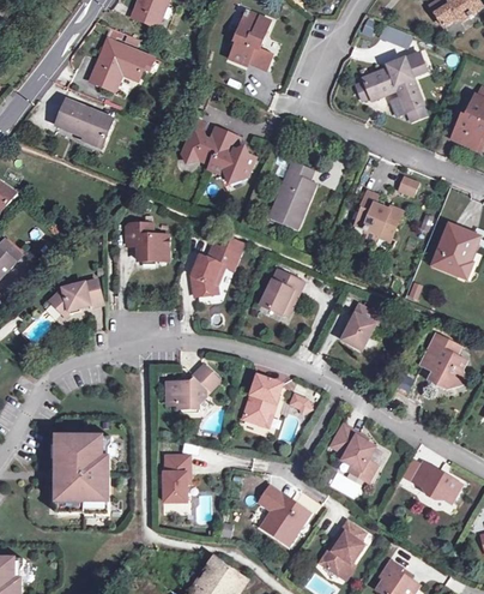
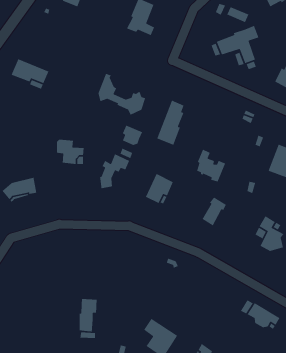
building: [95,40,149,90] -> none
building: [213,130,244,161] -> [122,125,143,146]
building: [359,192,404,242] -> [196,148,226,183]
building: [163,362,217,408] -> none
building: [240,374,278,425] -> none
building: [328,422,377,481] -> none
building: [52,438,108,516] -> none

